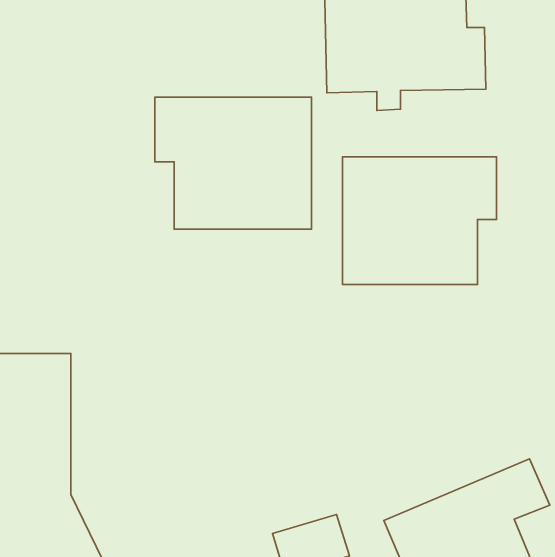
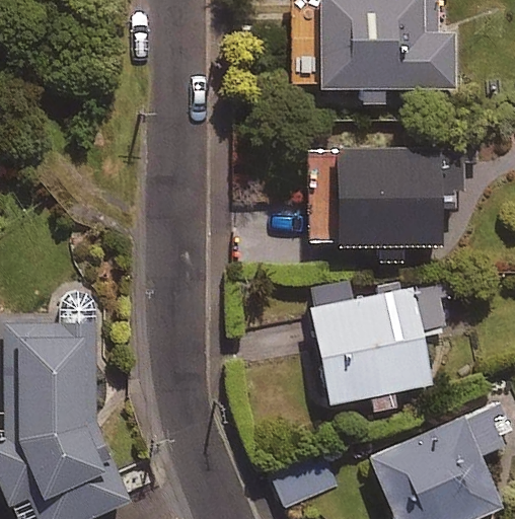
building: [155,97,312,229] -> none
building: none -> [307,287,445,412]

